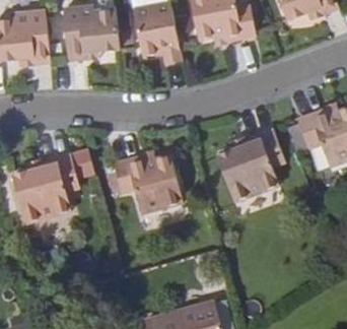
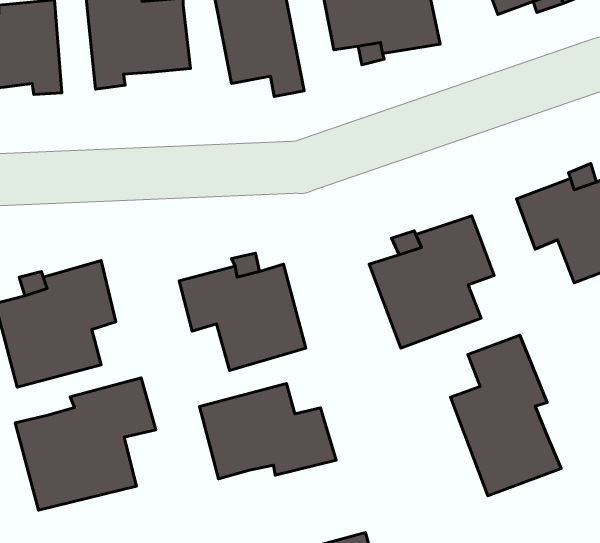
building: none -> [451,335,561,496]
building: none -> [15,378,156,510]
building: none -> [199,383,336,479]

